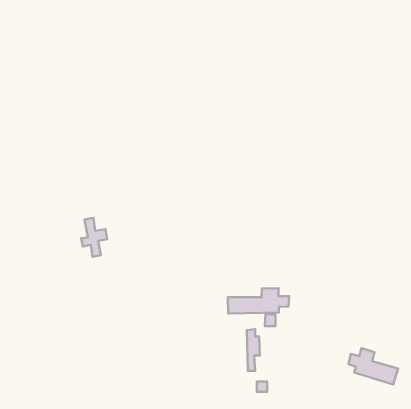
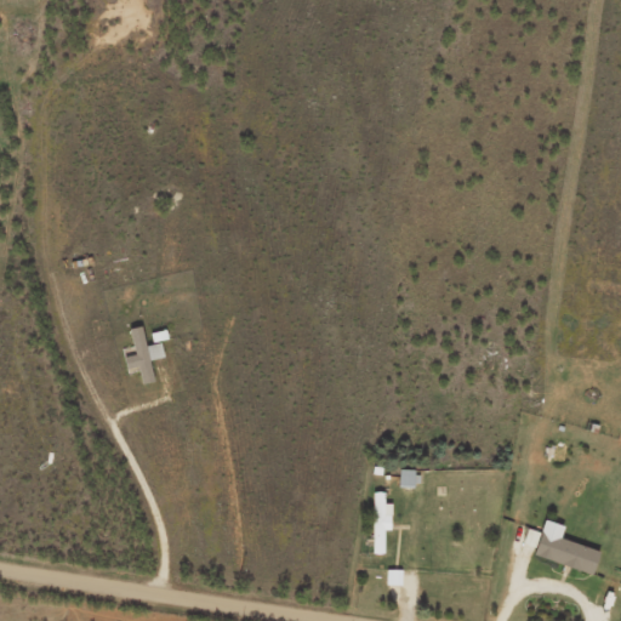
building: [228,288,289,313] -> none

